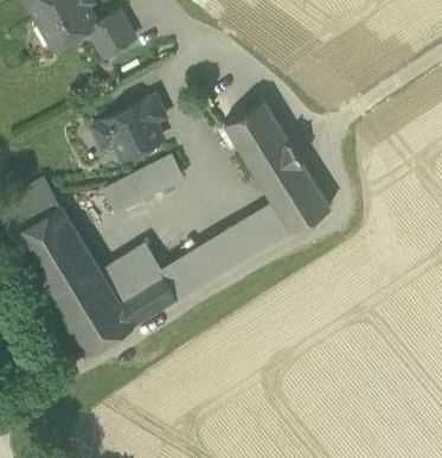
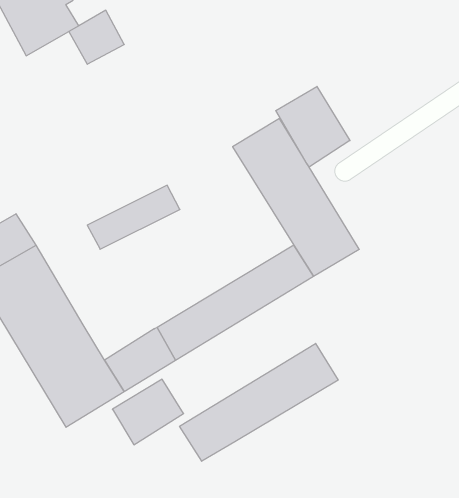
building: none -> [276,86,350,167]
building: [92,96,166,159] -> none
building: [101,248,160,303] -> [112,379,184,445]
building: none -> [180,343,338,461]

